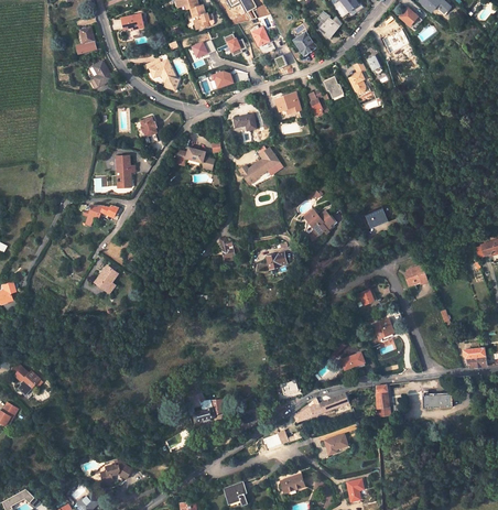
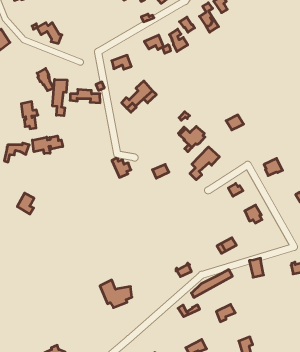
building: none -> [53,79,67,116]
building: none -> [32,136,63,154]
building: none -> [190,147,219,180]

